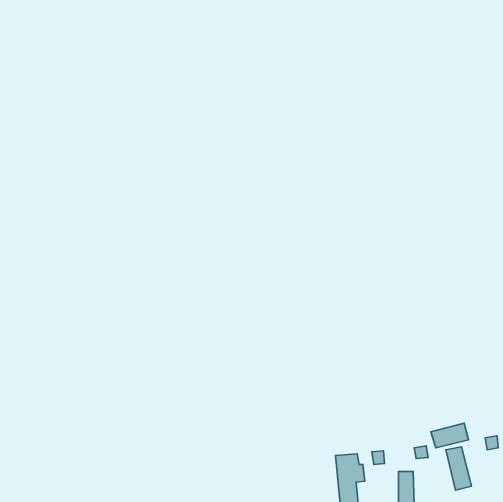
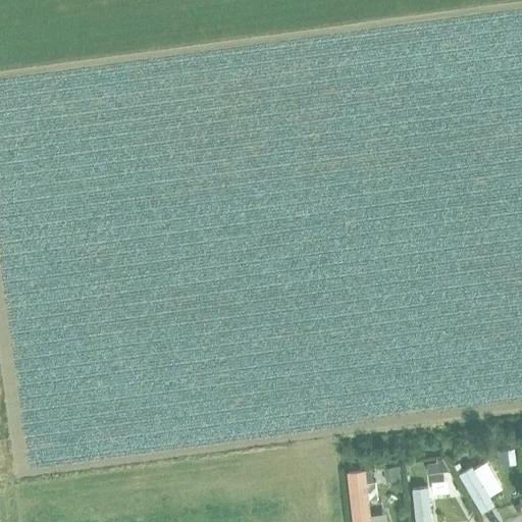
building: [431,423,468,448] -> none

